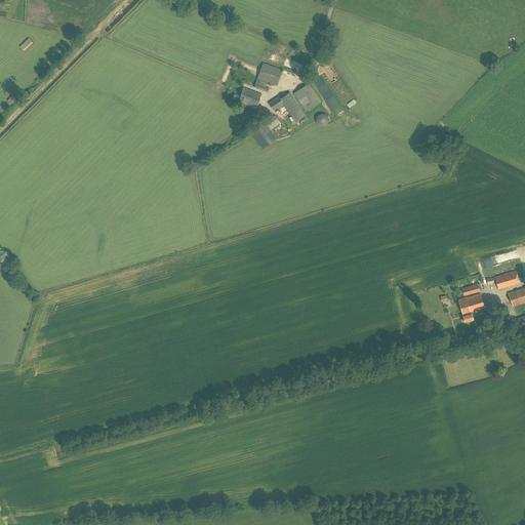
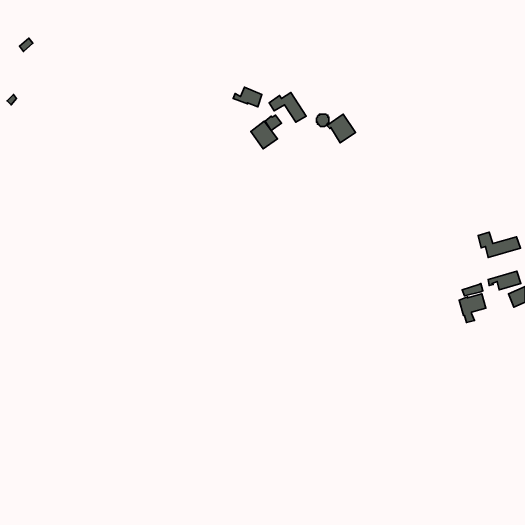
building: [254,63,283,92] -> none
building: [292,83,321,112] -> [327,114,355,143]
building: none -> [478,232,520,257]

